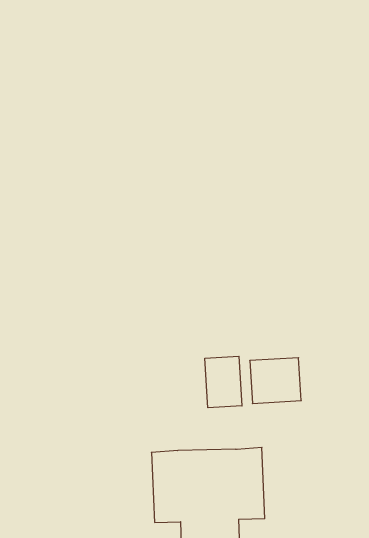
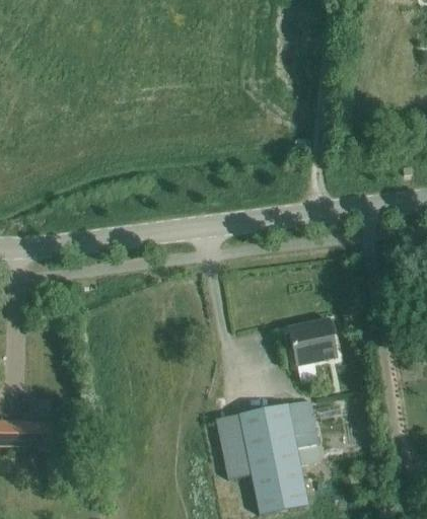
building: [205,356,242,408] -> none

